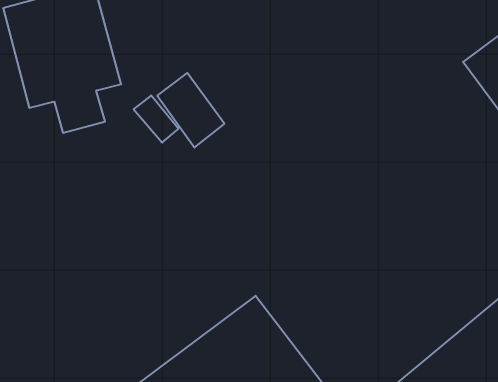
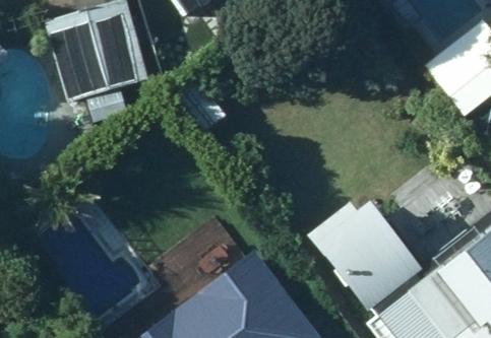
building: none -> [303,204,422,316]

